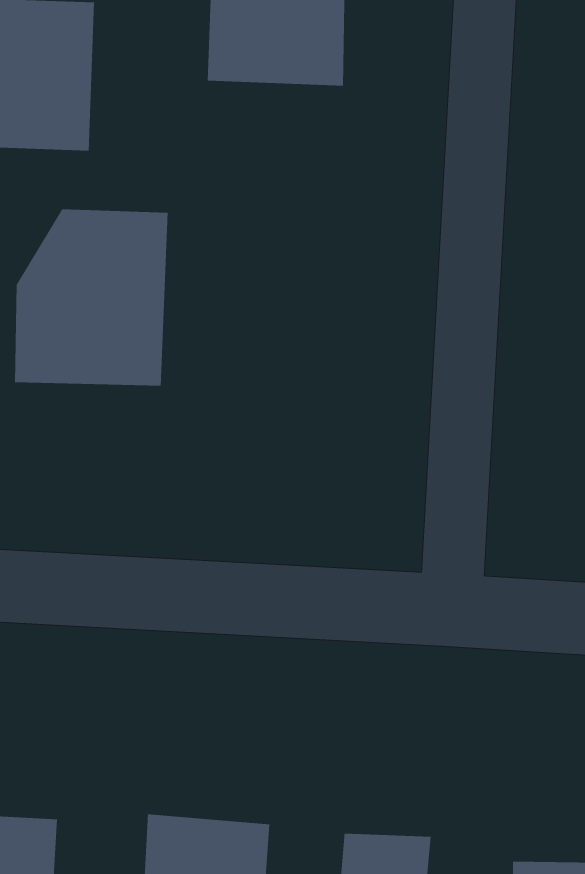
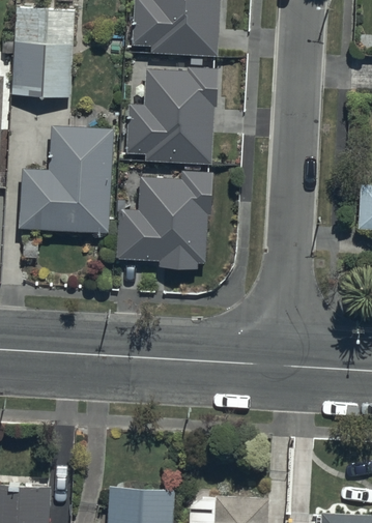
building: none -> [131,75,213,166]
building: none -> [122,176,206,267]

